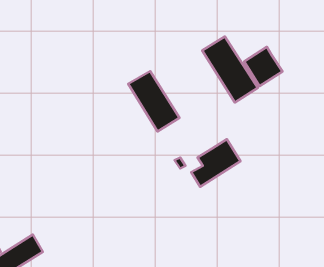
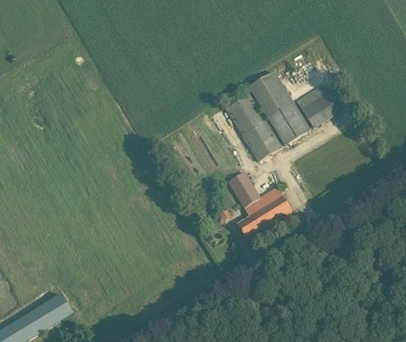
building: [128,71,179,132] -> [224,95,281,162]
building: none -> [227,172,259,207]

